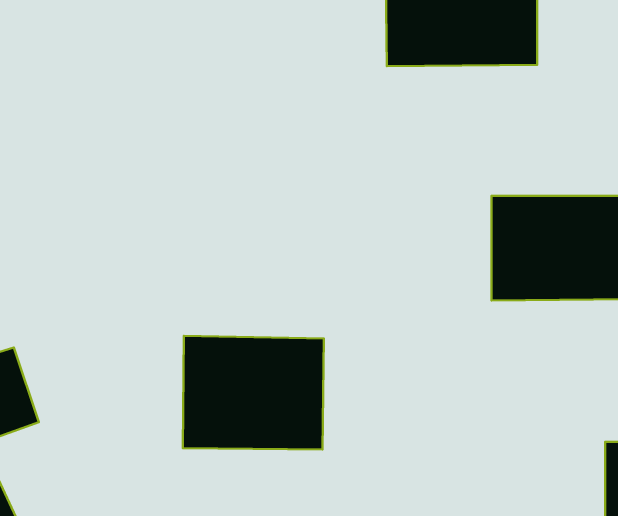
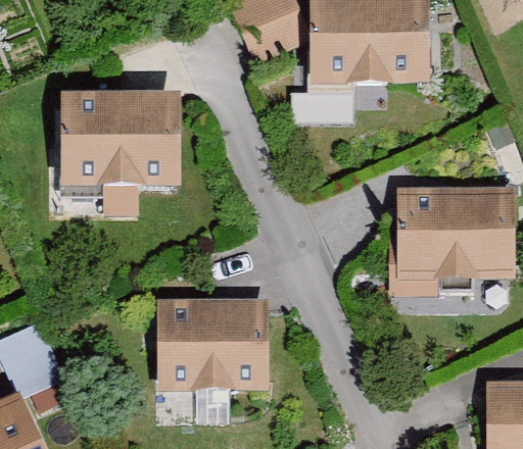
building: none -> [60,94,185,190]

